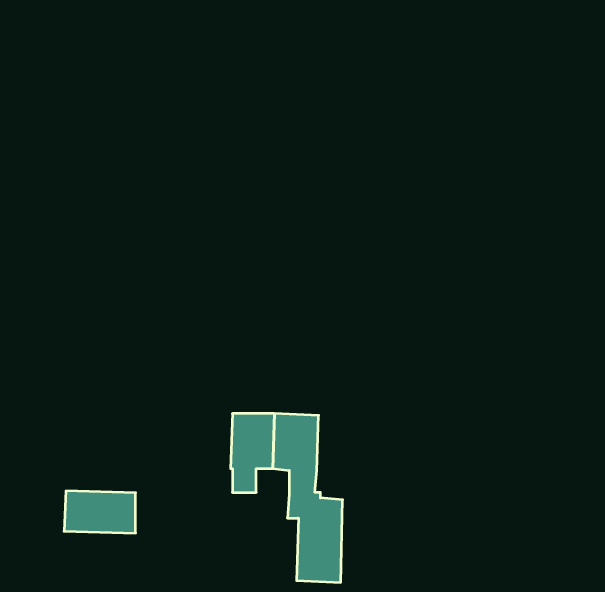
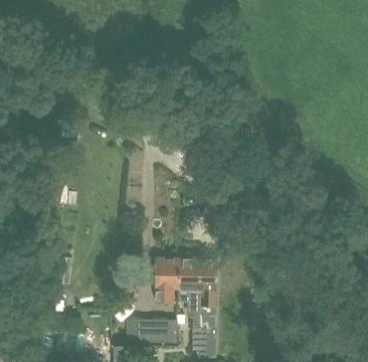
building: [64,491,136,533] -> [136,318,175,341]

